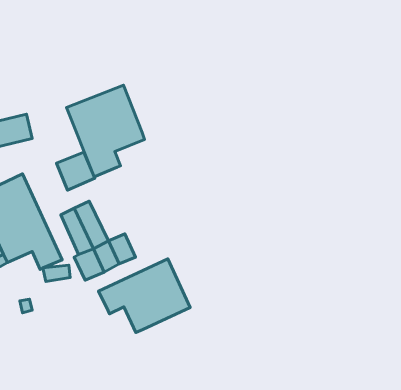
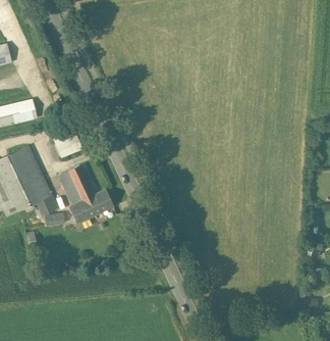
building: [67,85,145,177] -> none
building: [98,259,190,332] -> none

